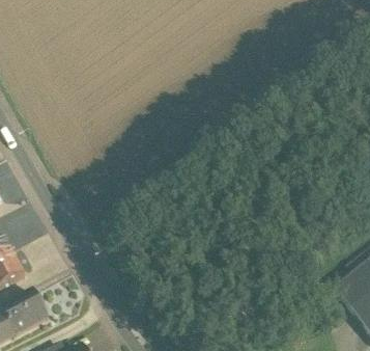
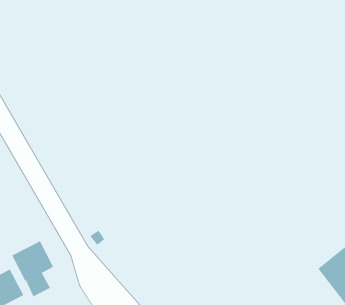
building: none -> [11,241,54,297]

